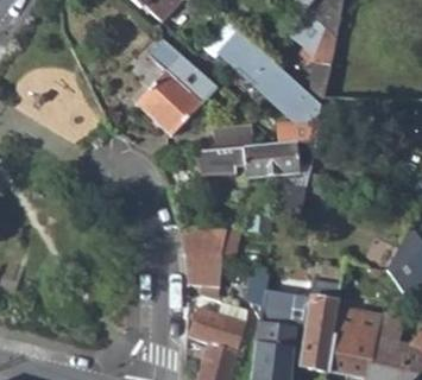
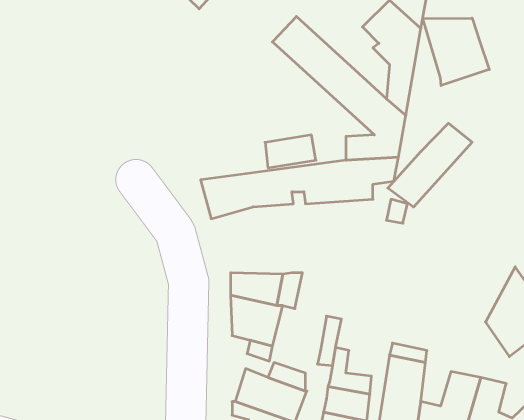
building: none -> [423,18,489,86]
building: [133,36,214,133] -> none
building: none -> [388,123,472,207]

